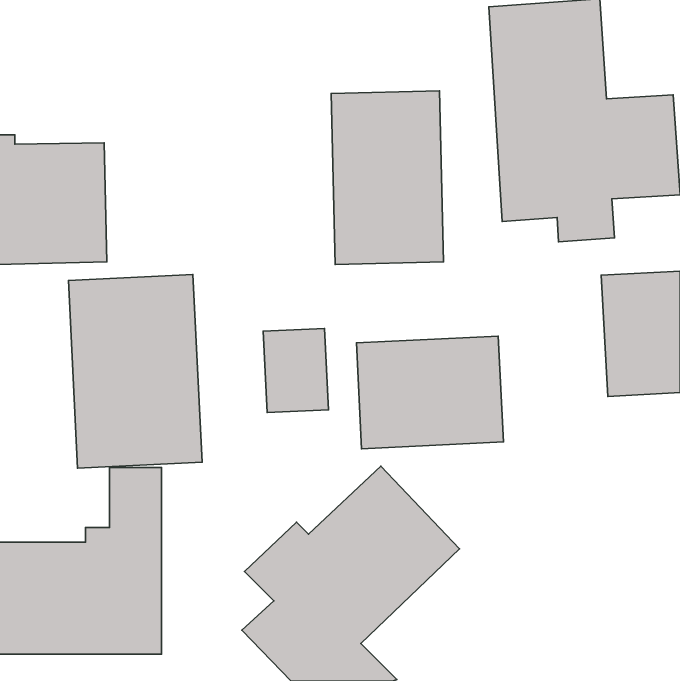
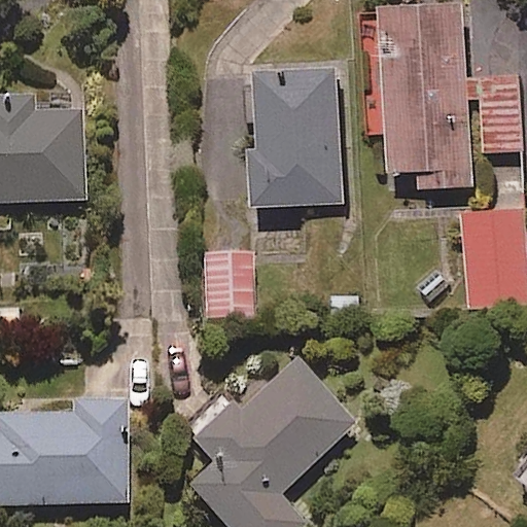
building: [68,275,202,468] -> none
building: [356,336,503,449] -> none

